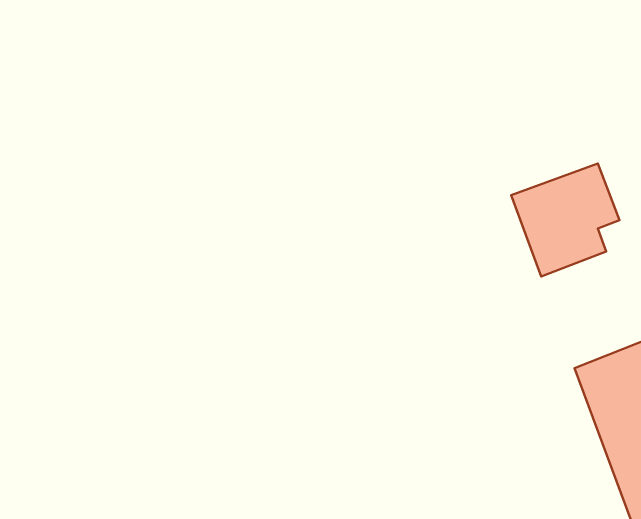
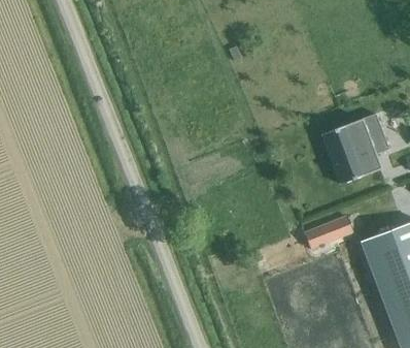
building: none -> [305,216,353,248]

